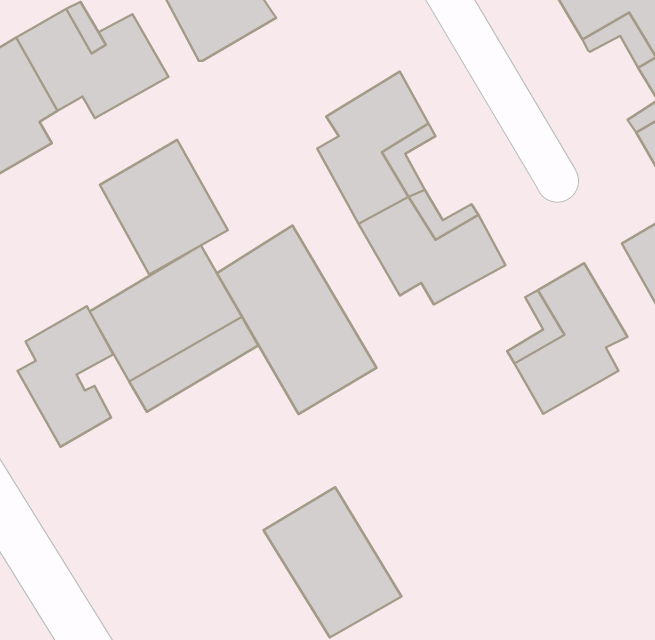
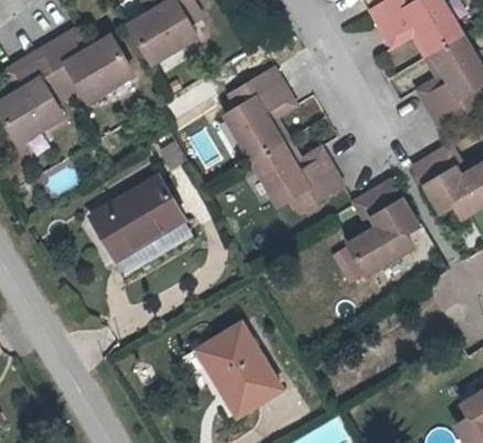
building: [100,140,228,274] -> none
building: [217,225,376,414] -> none
building: [18,306,113,447] -> none

